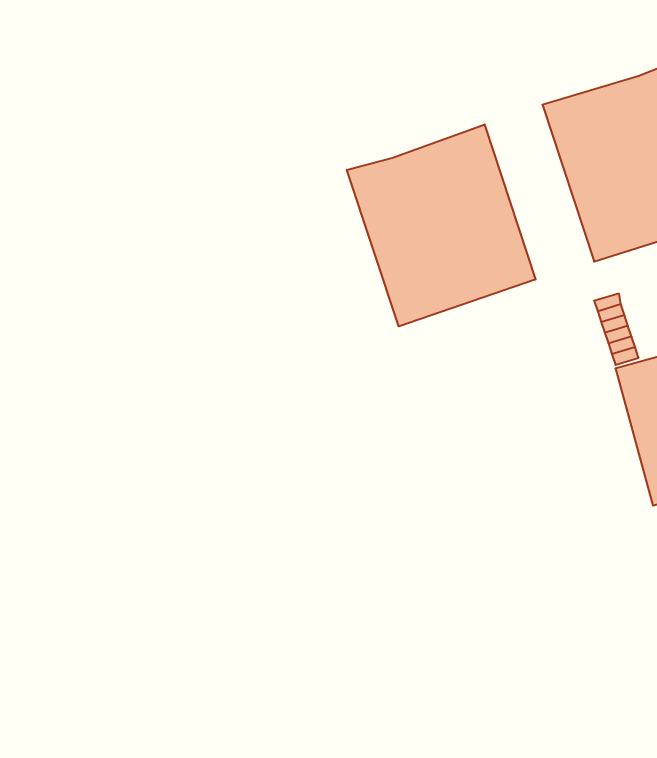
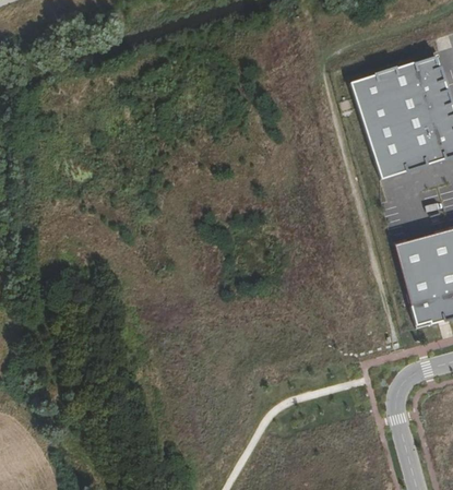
building: [347,124,536,326] -> none

